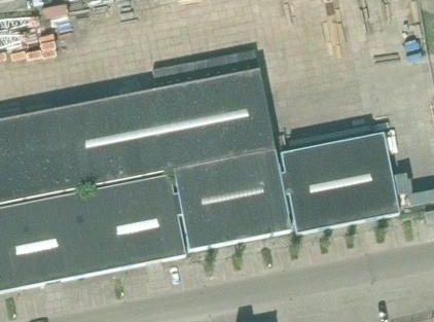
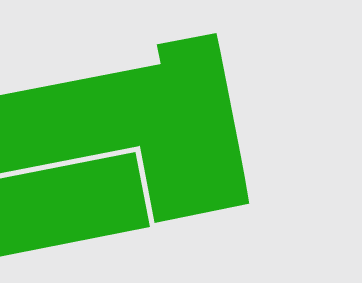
building: [281,137,401,238] -> none

